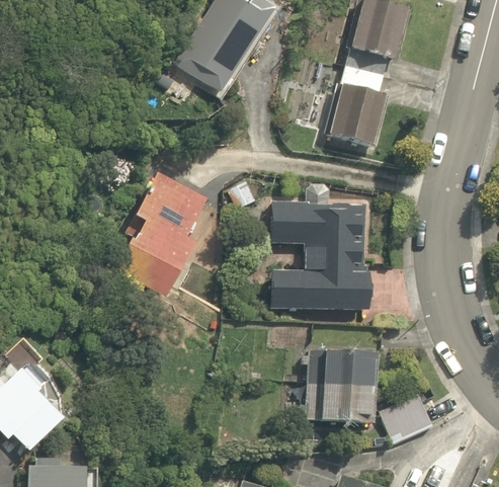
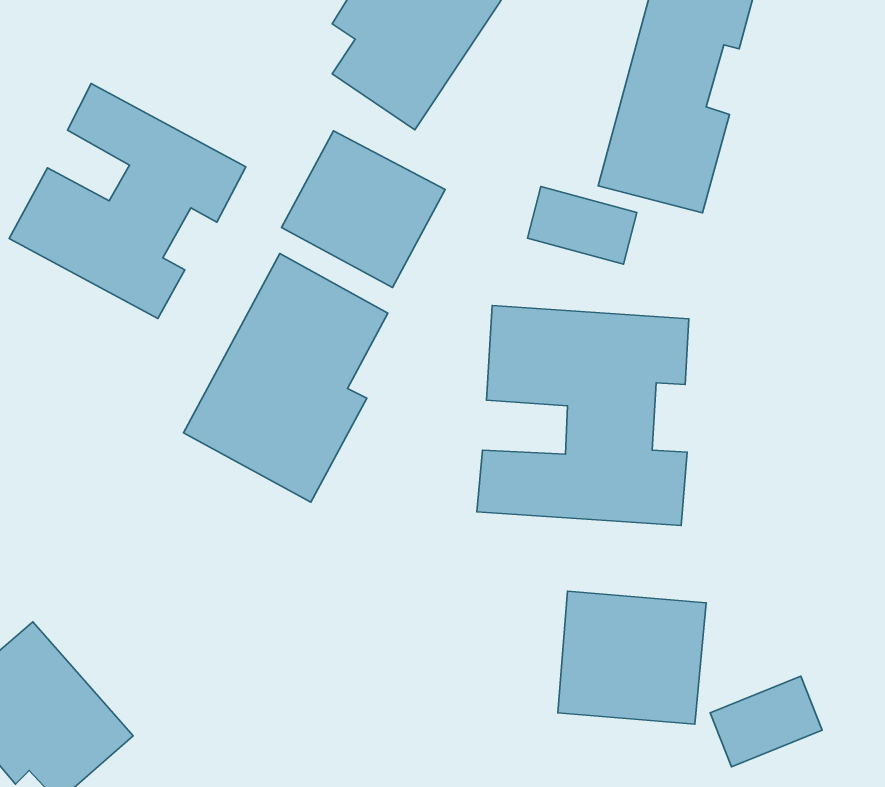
building: none -> [9,83,246,319]
building: none -> [282,131,445,288]
building: none -> [527,187,637,264]

